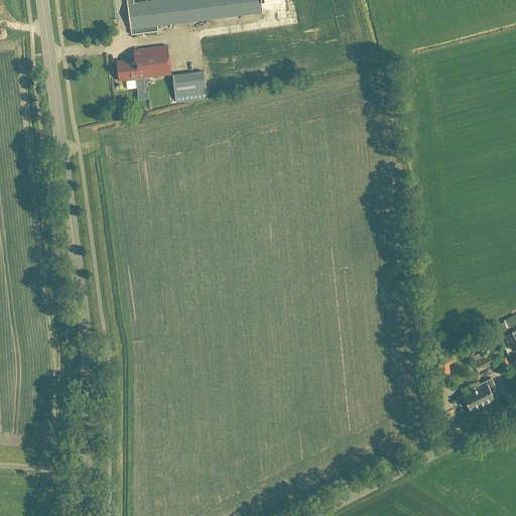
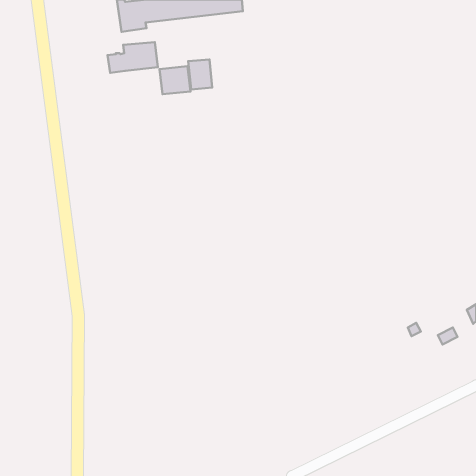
building: none -> [188,59,212,89]
building: [457,377,496,410] -> none

